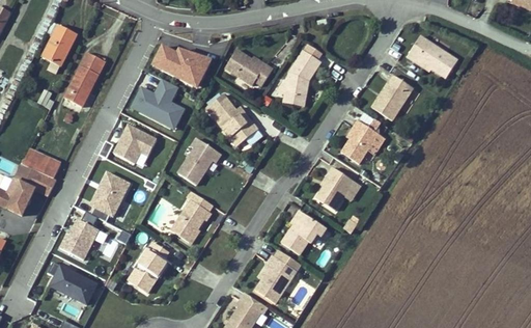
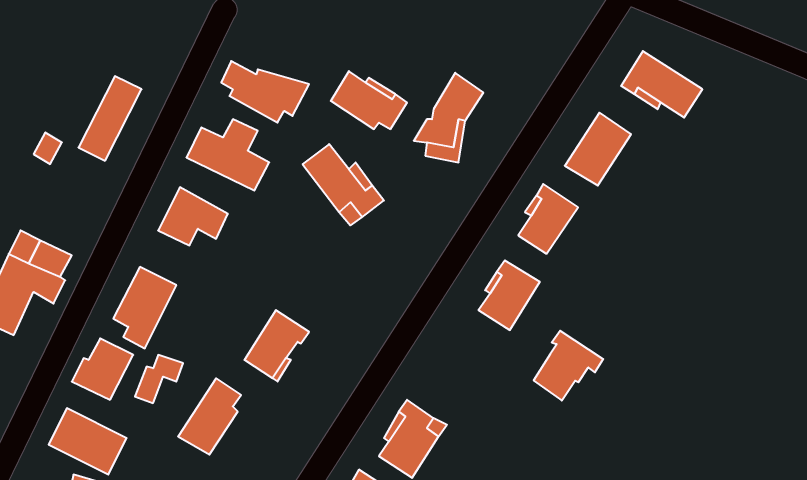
building: [43,25,77,66] -> none
building: [175,137,222,185] -> none
building: [282,212,326,255] -> [534,331,603,401]

